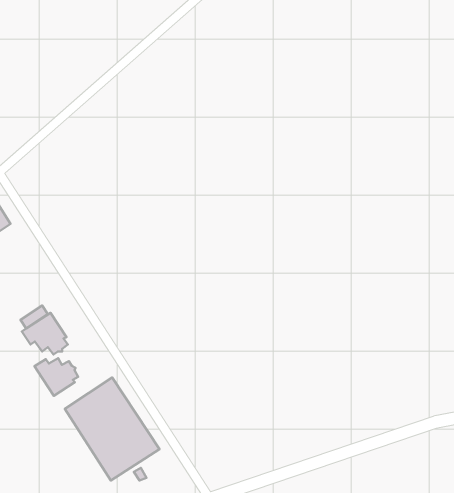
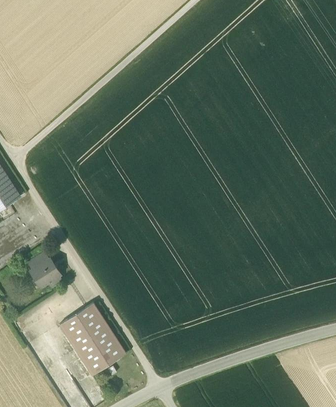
building: [35,358,78,396] -> none

